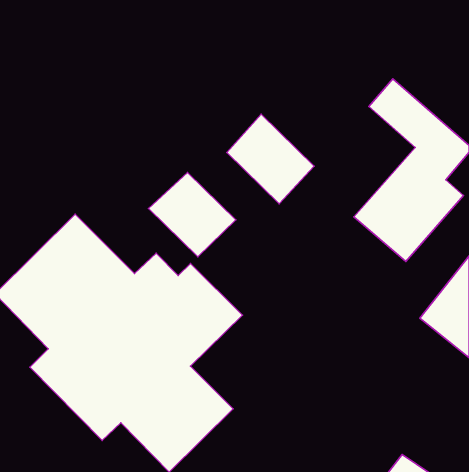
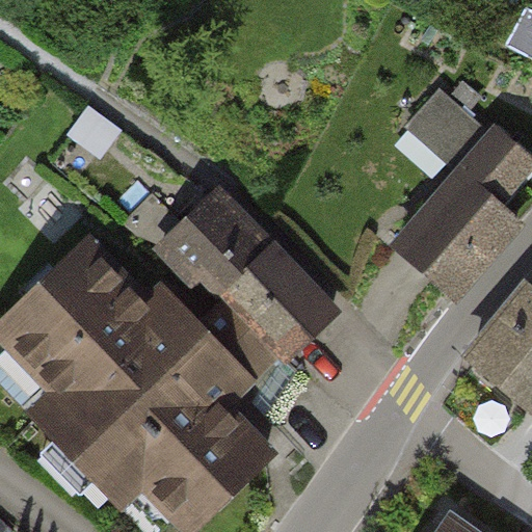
building: [227,114,314,204] -> none
building: none -> [213,248,329,363]

